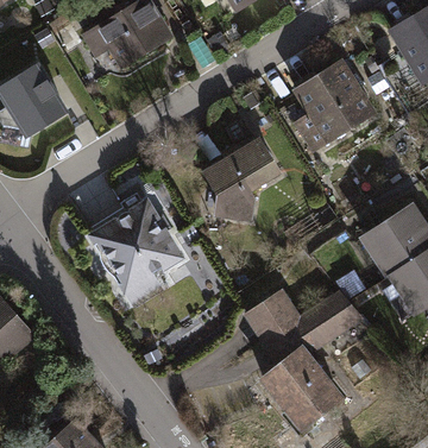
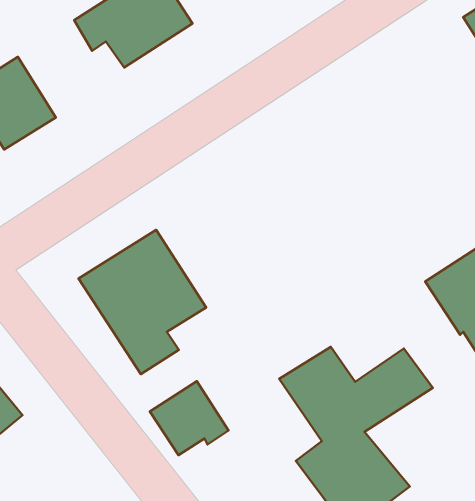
building: [289,56,374,152] -> none
building: [196,134,278,220] -> none
building: none -> [150,381,228,455]

